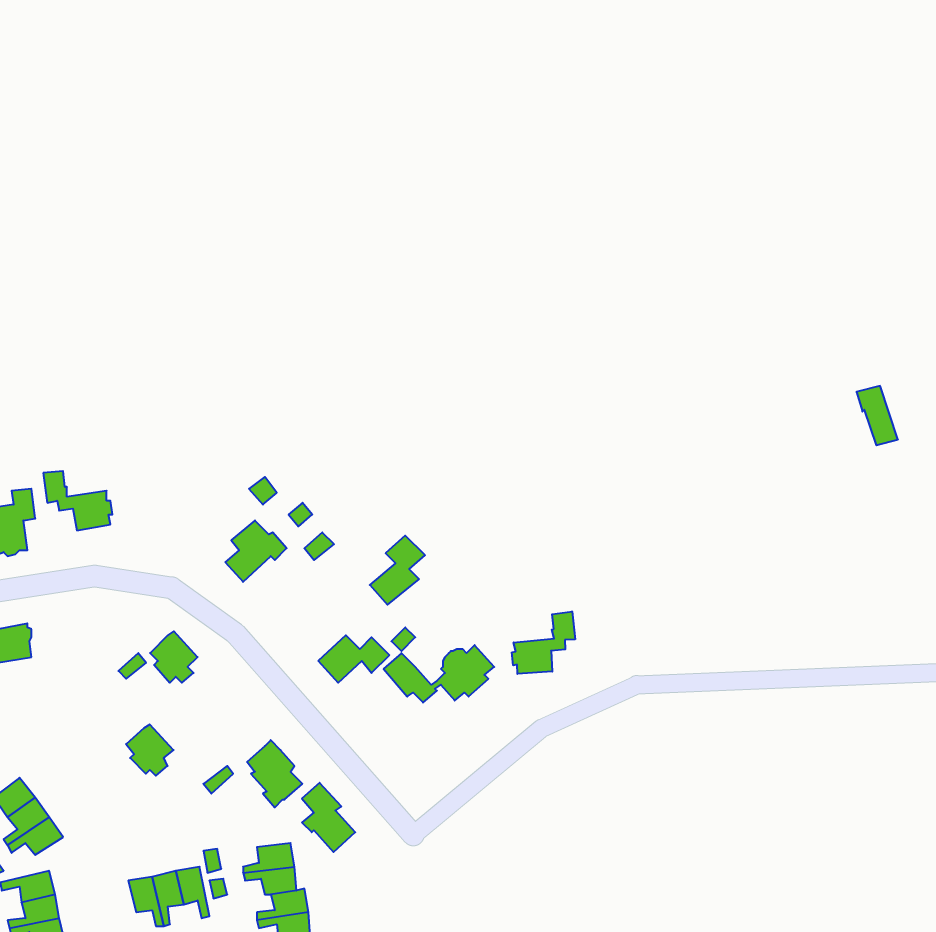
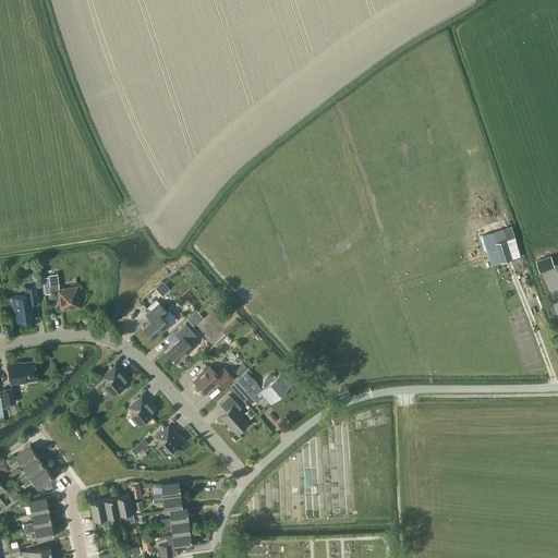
building: [370,536,425,605] -> [166,325,196,363]
building: [512,611,575,674] -> none
building: [126,724,174,776] -> [129,396,155,424]
building: [302,783,355,852] -> [219,396,248,434]

